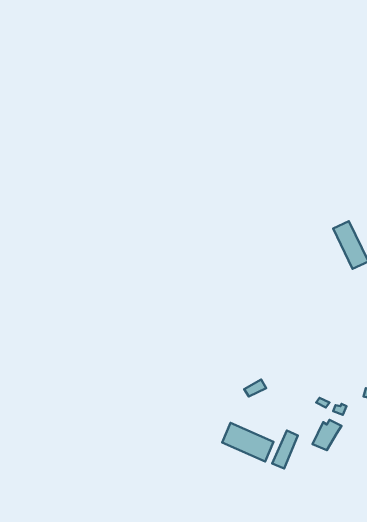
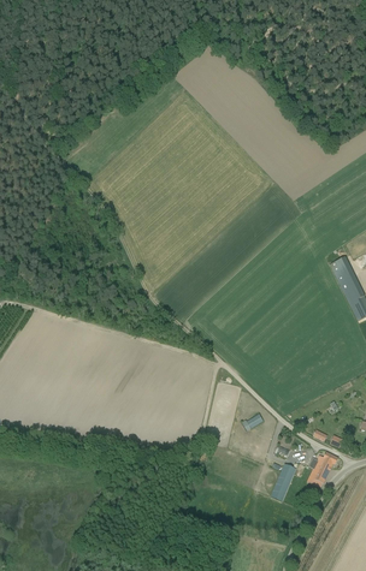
building: [222,423,273,461] -> none

